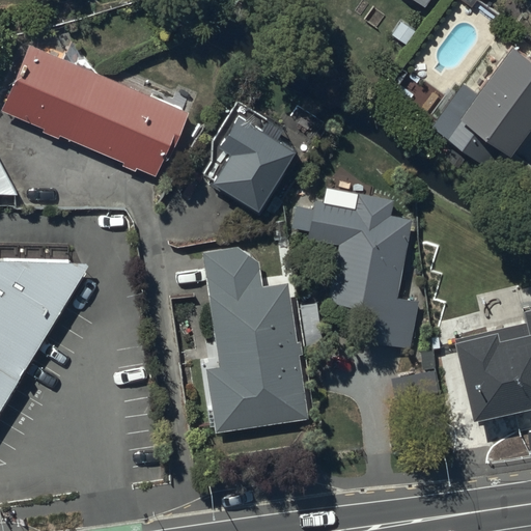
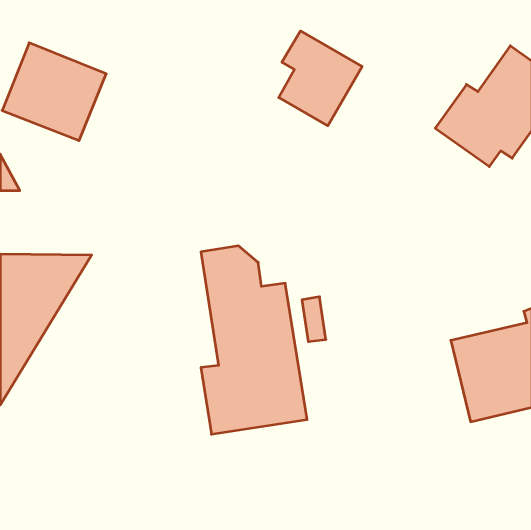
building: [80,76,186,174] -> none
building: [213,116,296,211] -> [279,31,362,126]
building: [309,194,417,350] -> none

